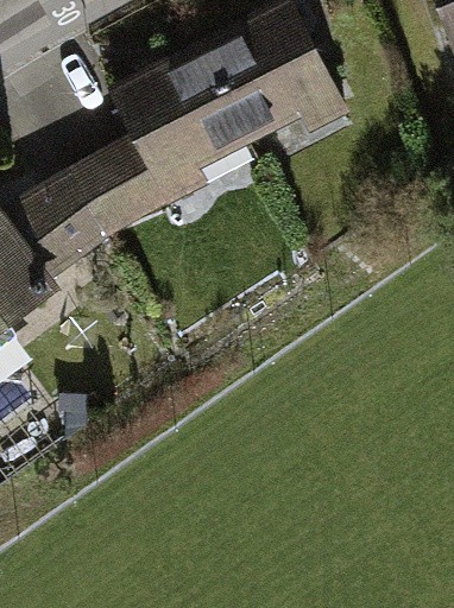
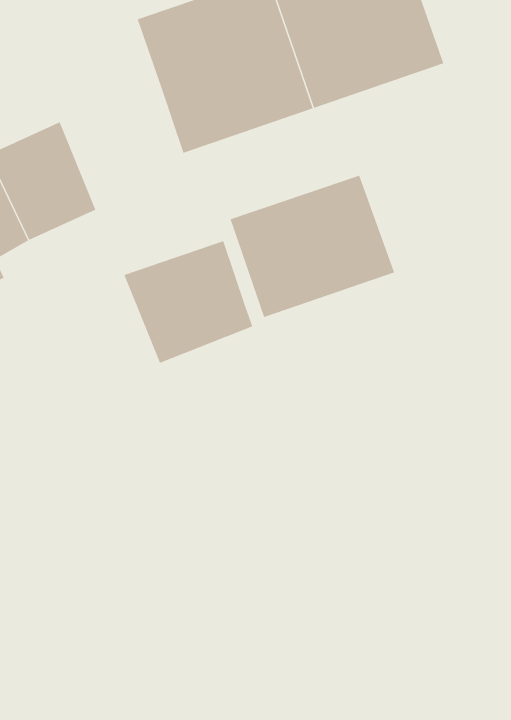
building: [71,144,168,236] -> [123,241,253,363]
building: none -> [230,175,395,318]

